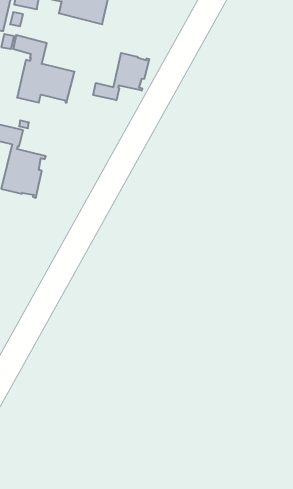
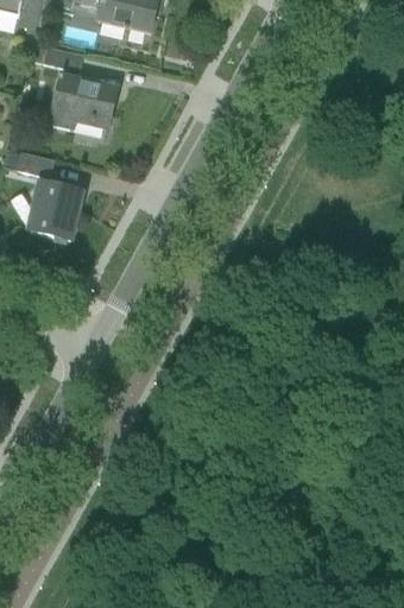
building: [93,53,149,100] -> none

